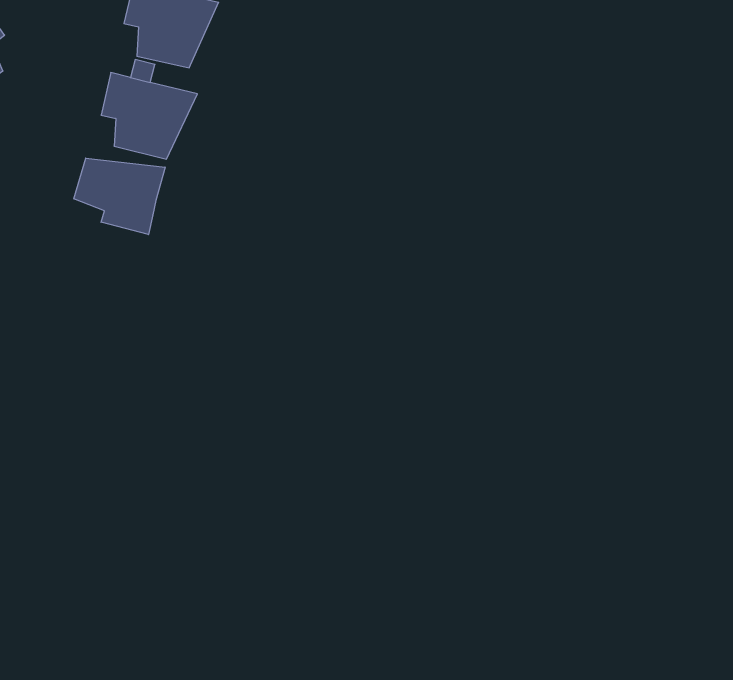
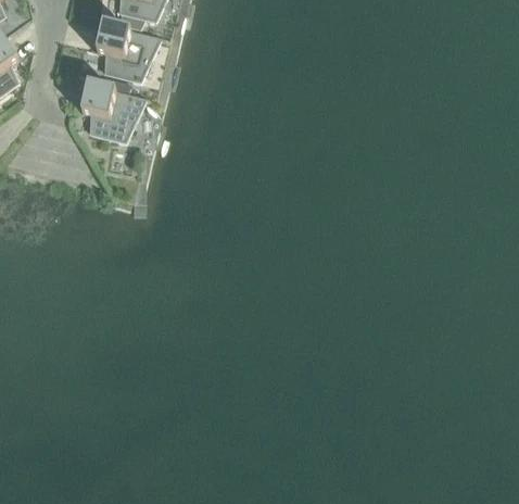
building: [74,158,165,235] -> none

